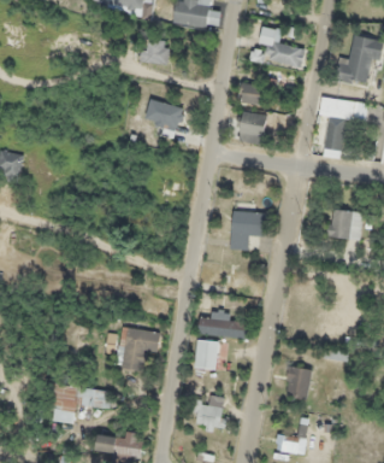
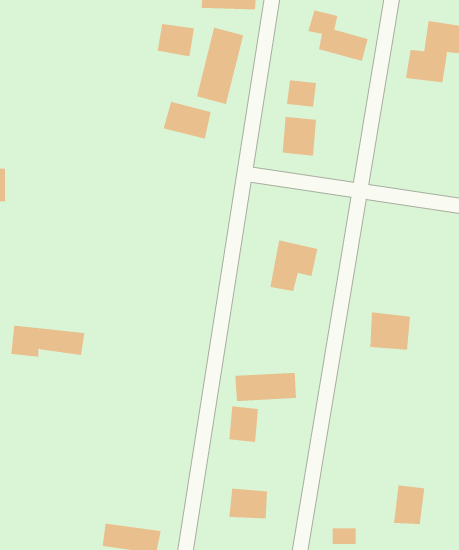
building: none -> [196,27,244,105]
building: [320,96,356,158] -> none
building: [330,209,362,239] -> [370,312,411,350]
building: [117,327,161,370] -> none
building: [286,367,312,398] -> [393,485,425,525]
building: [53,385,112,410] -> [10,325,85,357]

